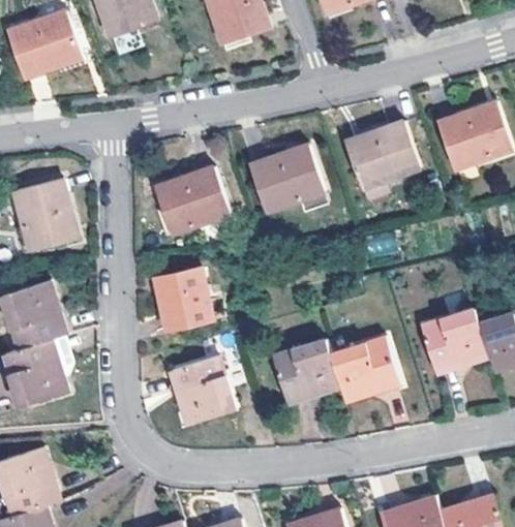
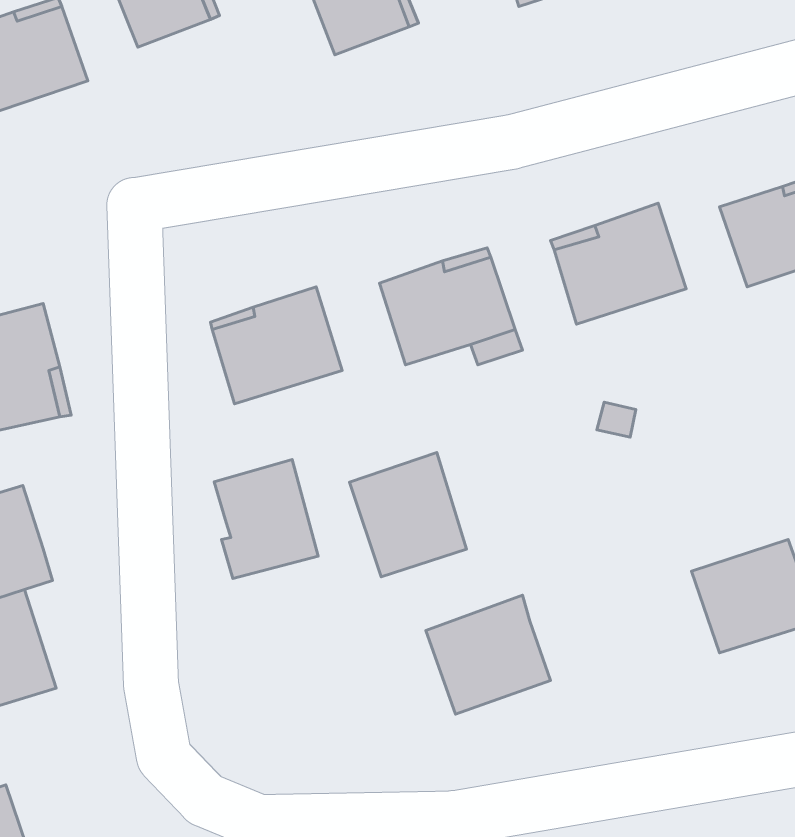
building: [331,337,399,403] -> none
building: [169,353,234,423] -> [350,453,467,577]

